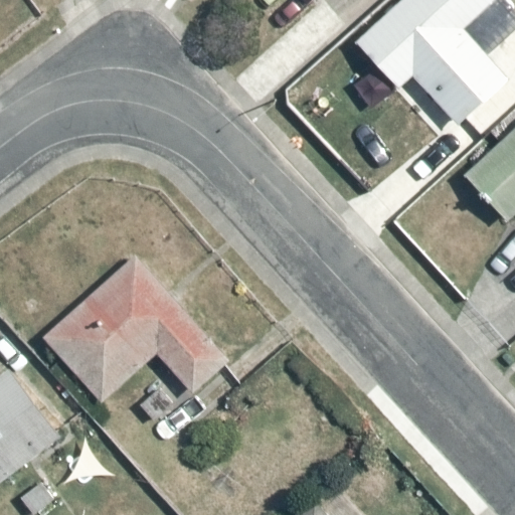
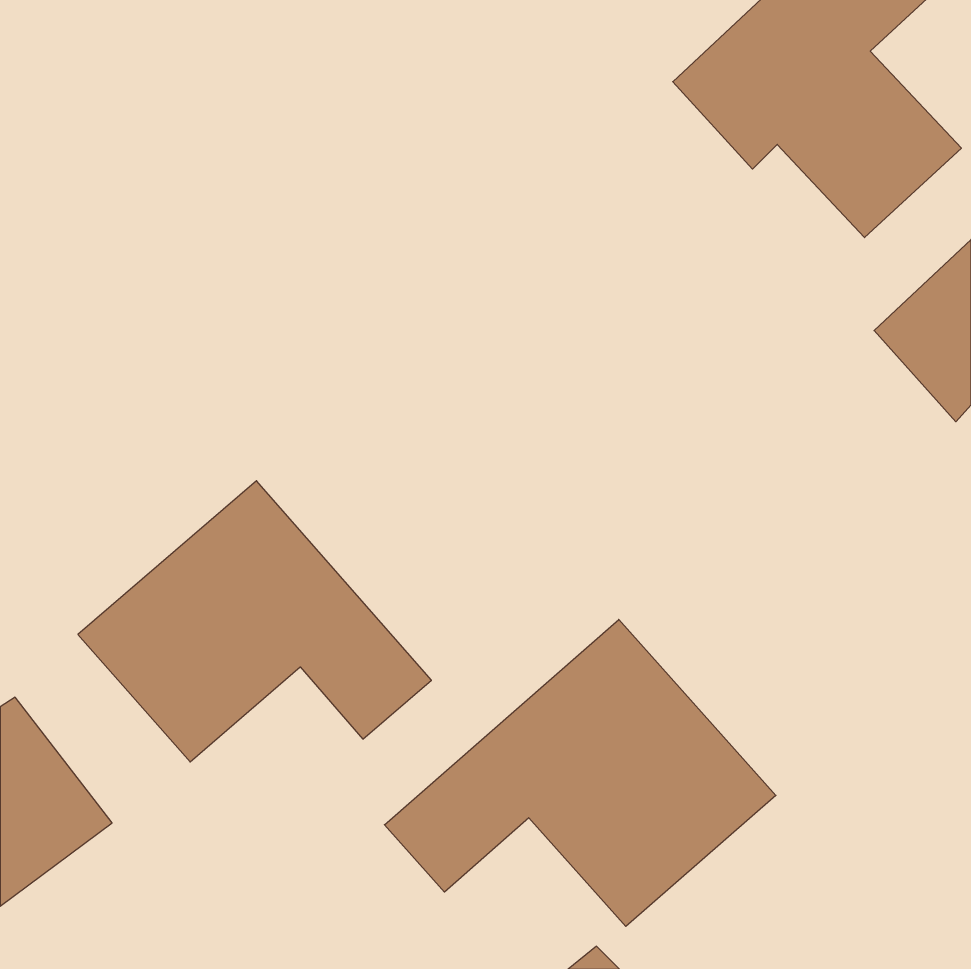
building: none -> [384,619,776,926]

